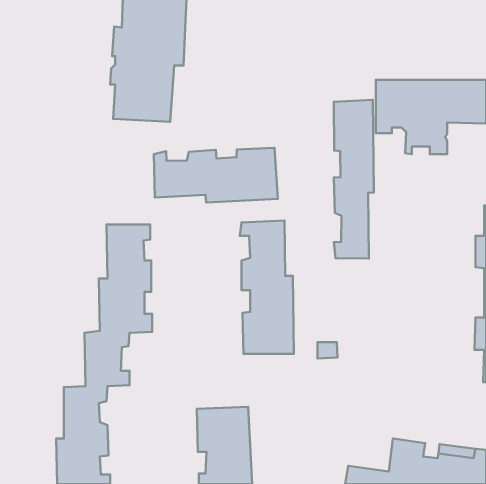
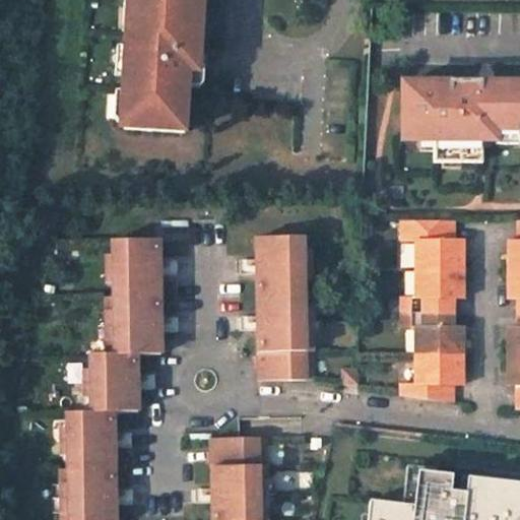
building: [334,100,374,259] -> none
building: [154,148,278,203] -> none
building: none -> [400,219,462,401]

